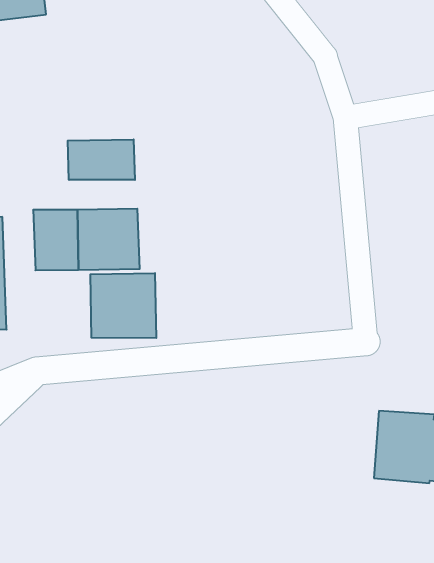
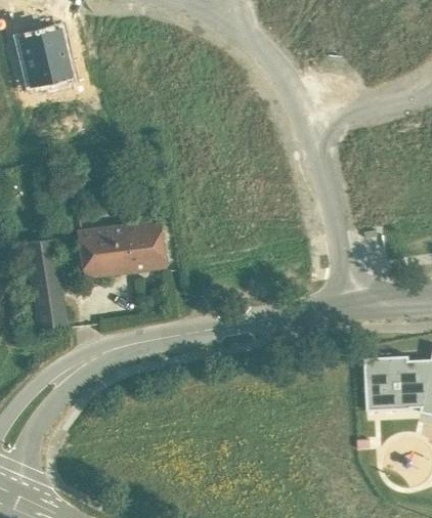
building: [68,139,135,180] -> none
building: [90,273,156,338] -> none

